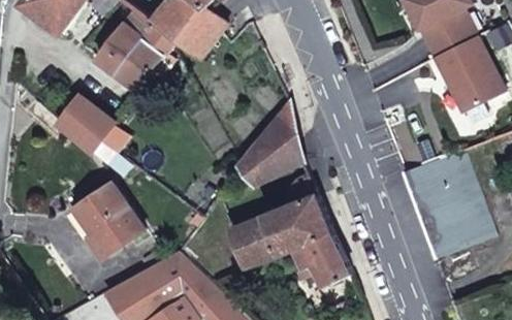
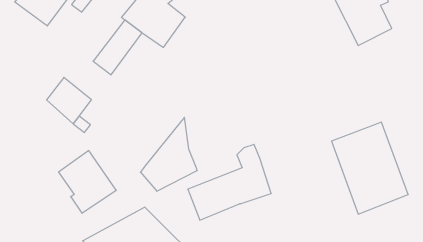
building: [93,11,153,75] -> none
building: [433,36,502,111] -> none
building: [234,100,302,189] -> [140,117,197,191]
building: [291,234,348,285] -> none

